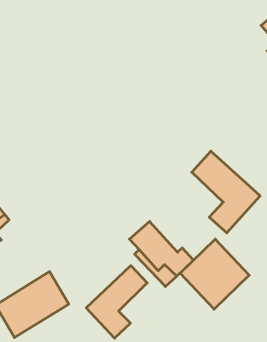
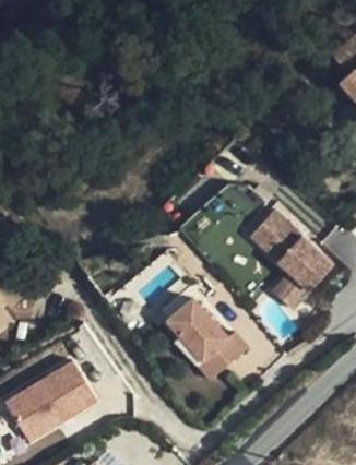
building: [180,239,249,309] -> none
building: [86,266,147,338] -> none

